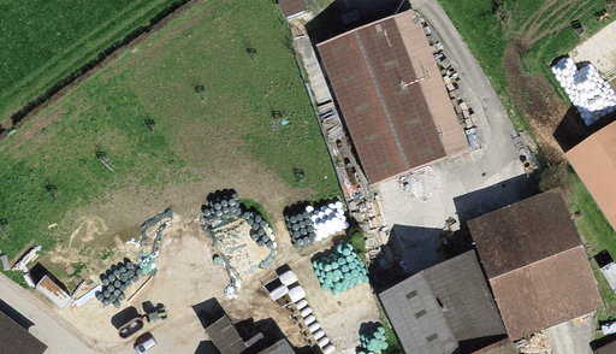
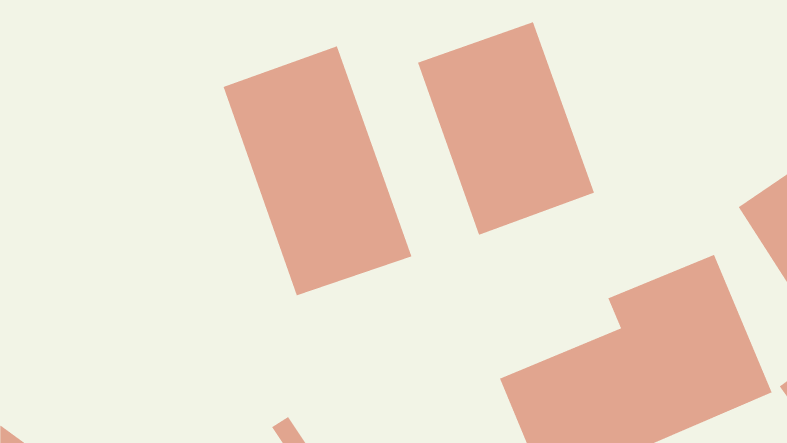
building: none -> [223,45,412,296]

